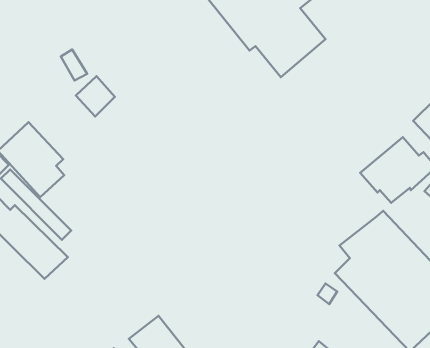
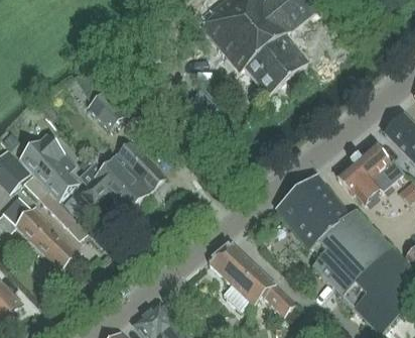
building: none -> [80,139,164,211]
building: none -> [277,177,351,249]
building: none -> [209,243,296,316]

